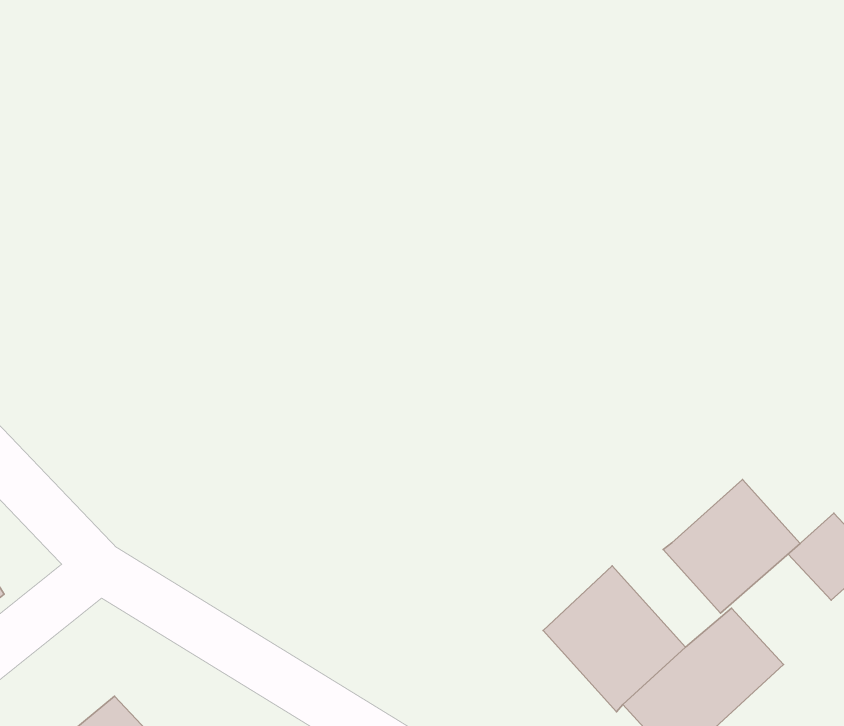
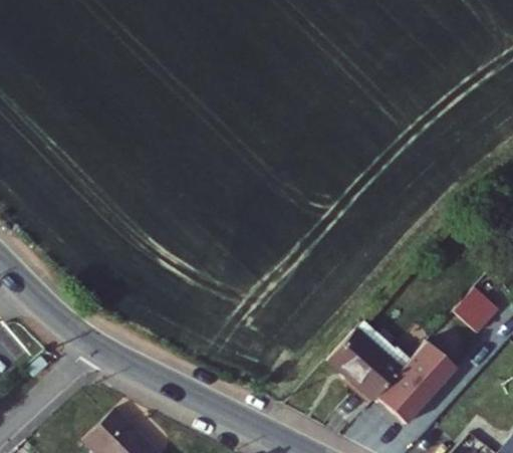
building: [663,480,800,613] -> none

